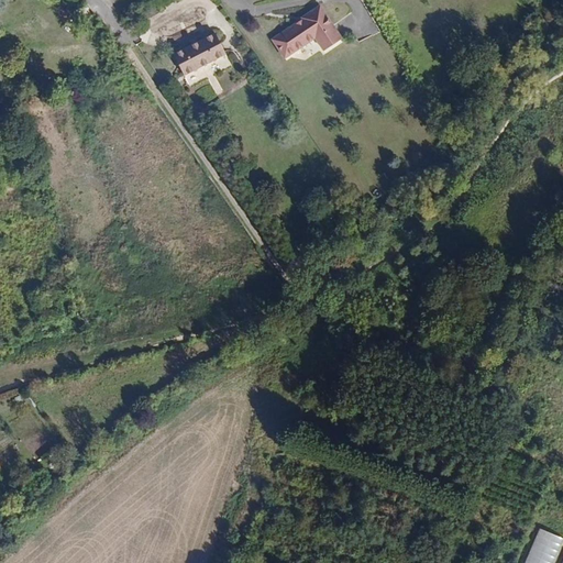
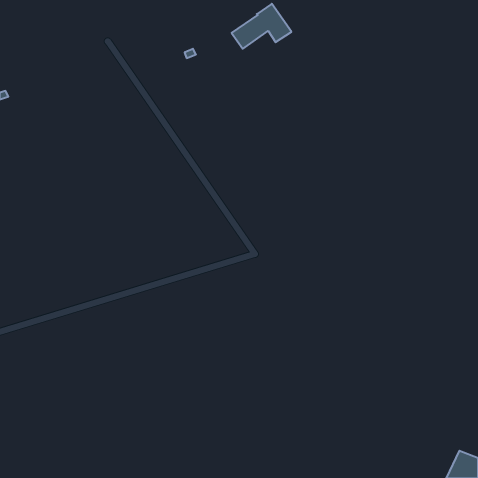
building: [173,32,225,75] -> none

